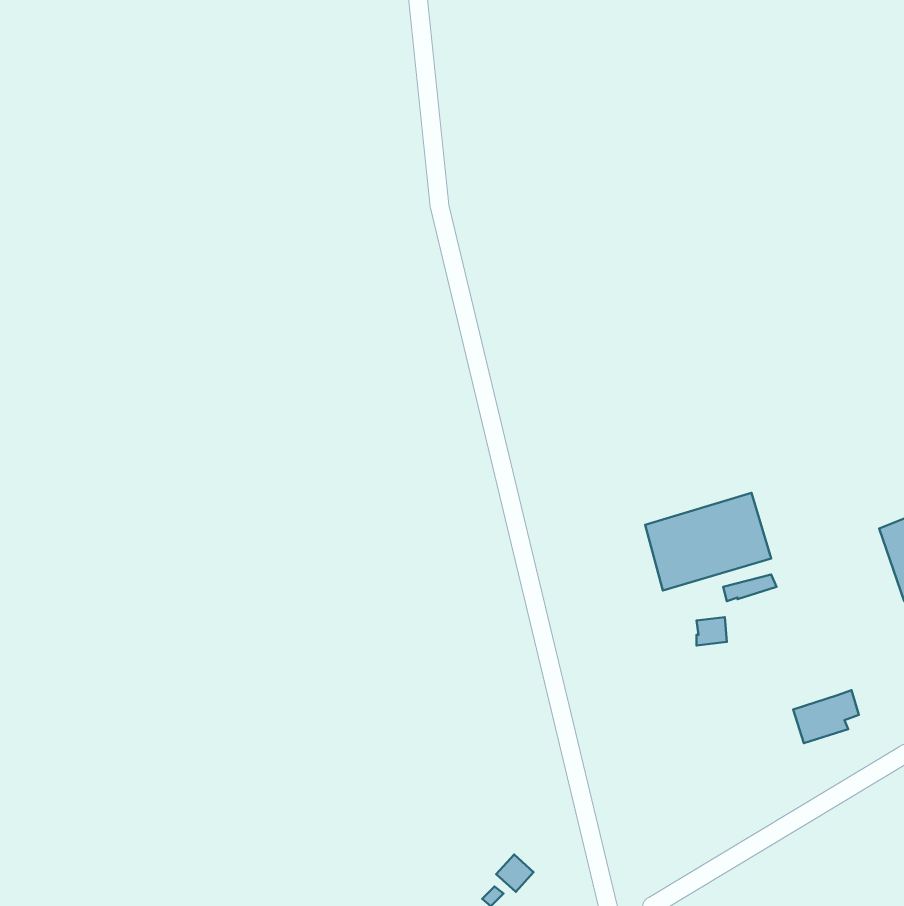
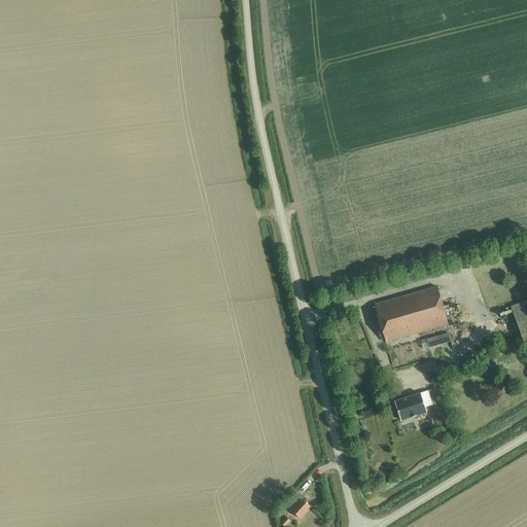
building: [793,690,859,743] -> [395,390,433,421]

